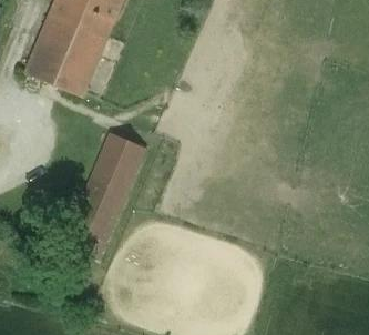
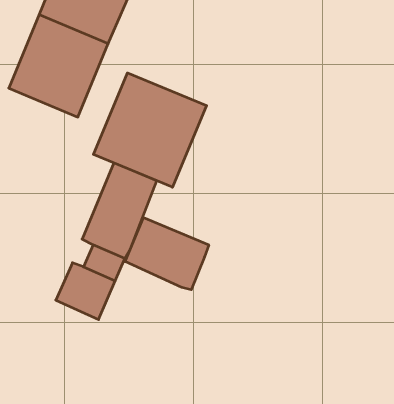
building: none -> [93,73,207,187]
building: none -> [125,218,209,290]

